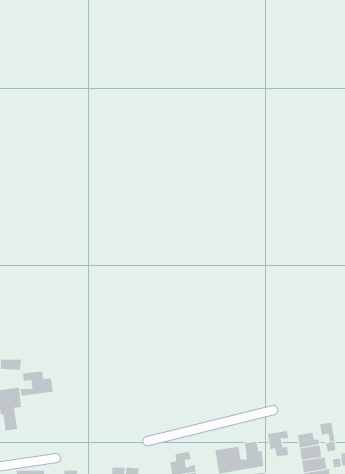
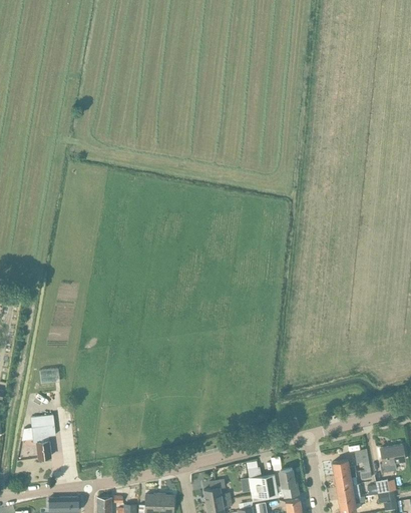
building: [20,371,54,396] -> none
building: [267,430,289,457] -> none

